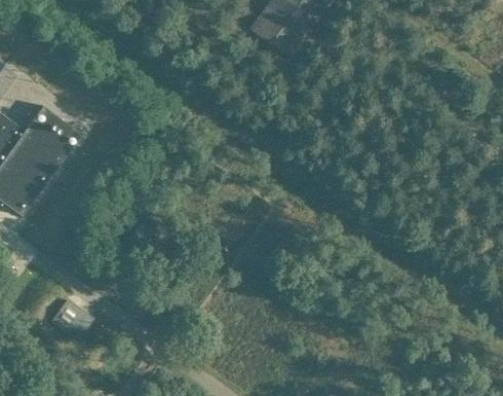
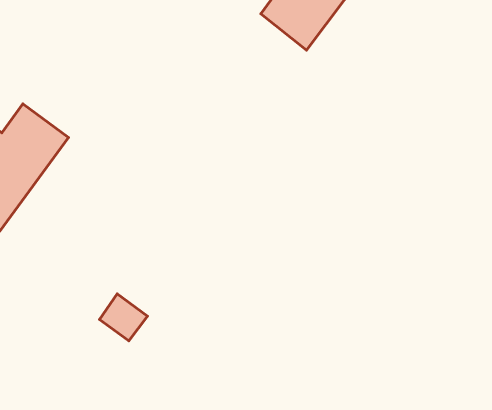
building: [50,299,92,340] -> [100,294,147,341]

